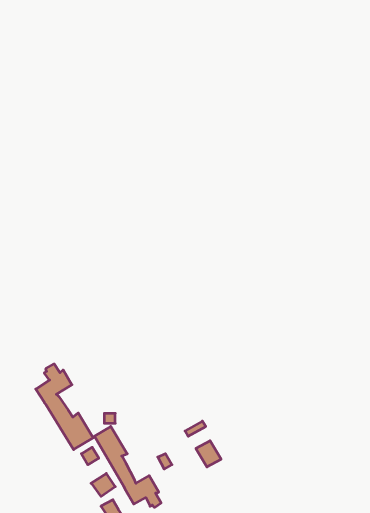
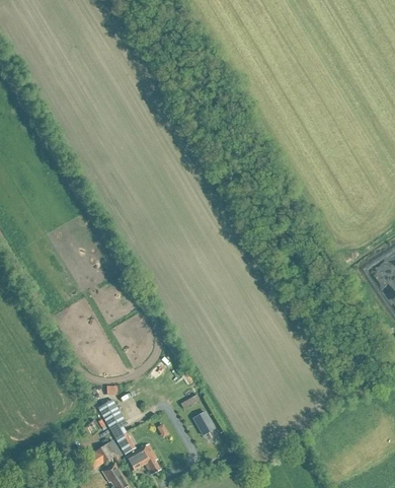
building: [36,364,93,450] -> none

